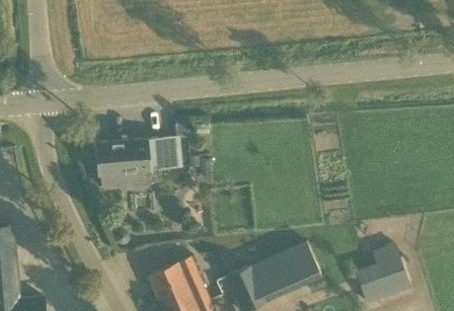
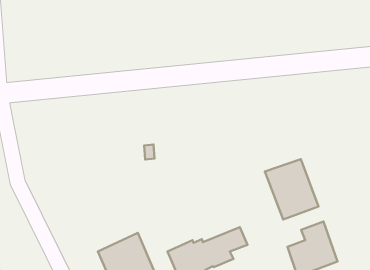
building: [97,136,183,188] -> none
building: none -> [265,159,318,219]

